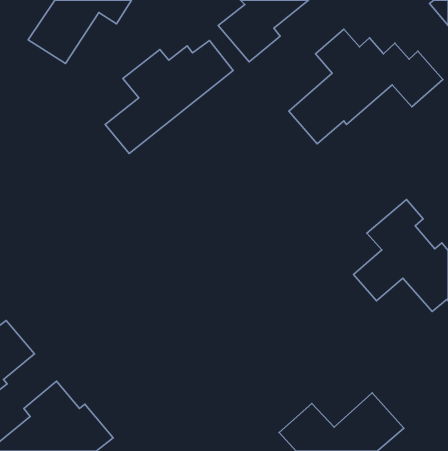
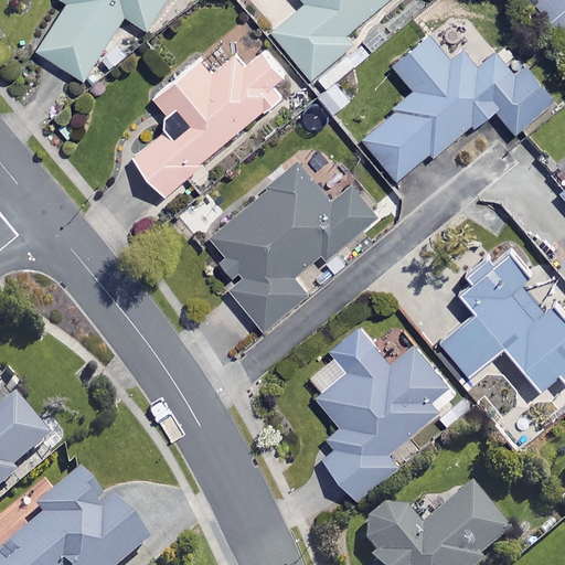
building: none -> [207,167,379,331]
building: none -> [315,327,444,500]

